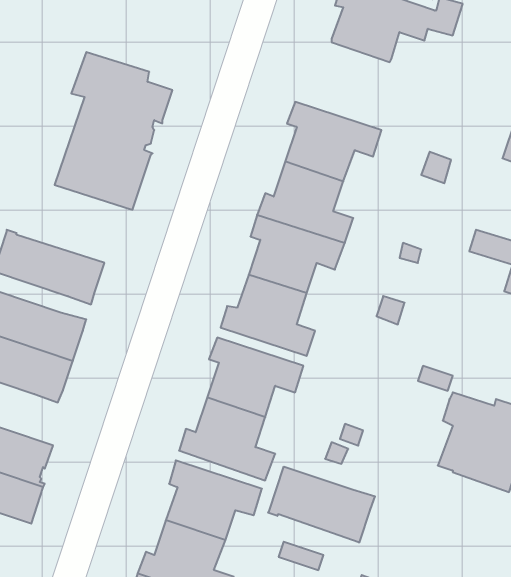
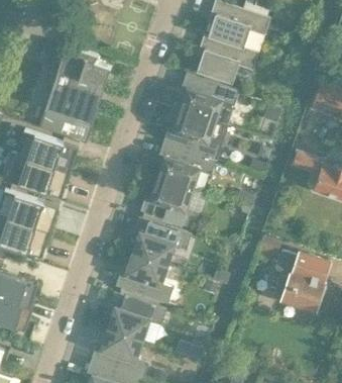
building: none -> [196,35,257,85]
building: none -> [15,130,77,173]
building: [268,467,375,543] -> none

